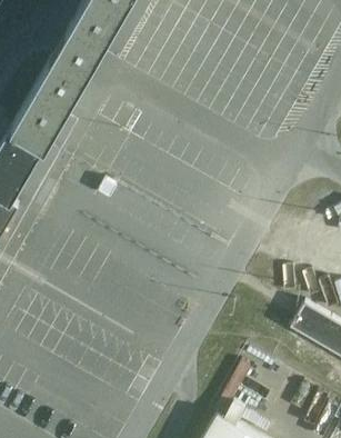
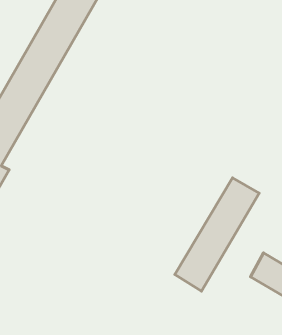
building: none -> [175,178,259,291]

